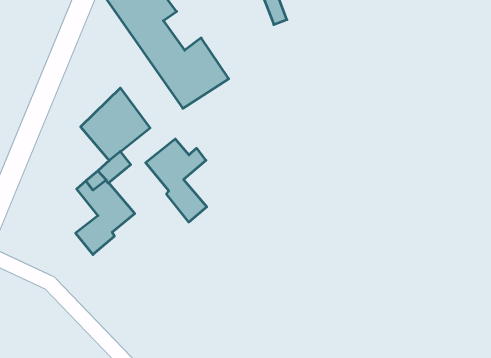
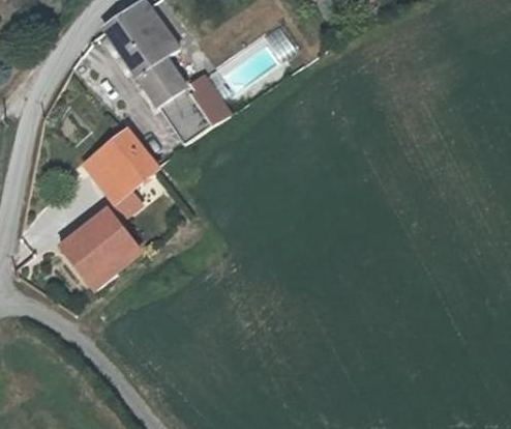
building: [146,139,207,222] -> none
building: none -> [58,227,102,271]

